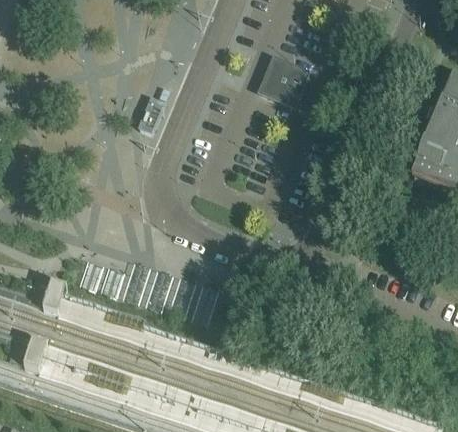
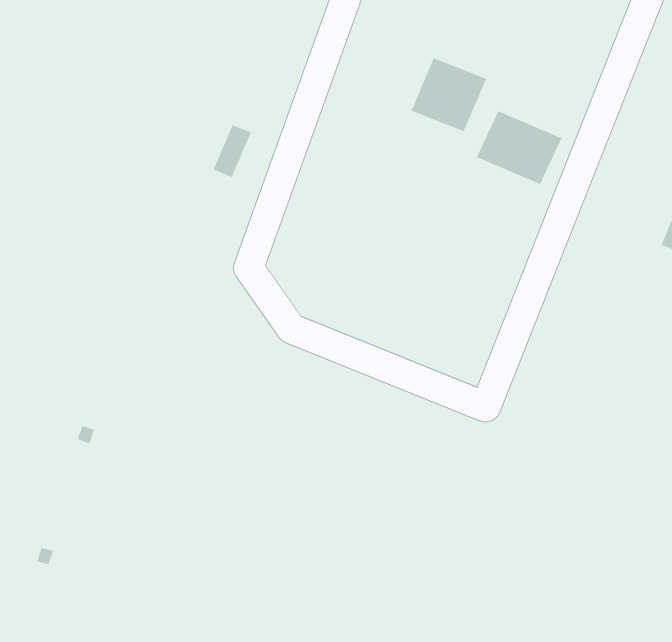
building: none -> [476,110,563,185]

